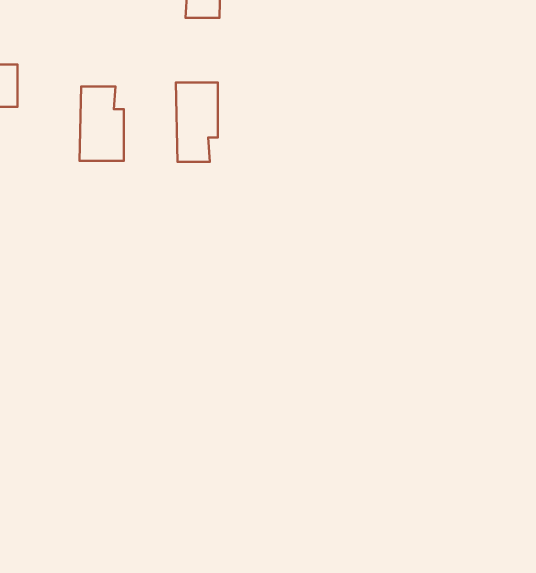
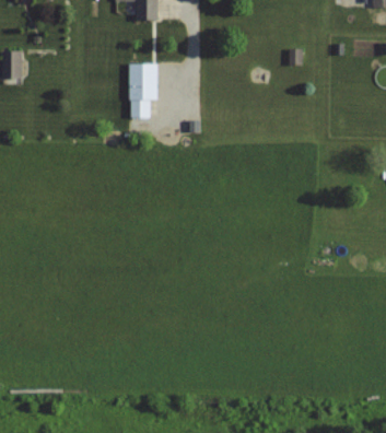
building: [80,86,124,161] -> none

